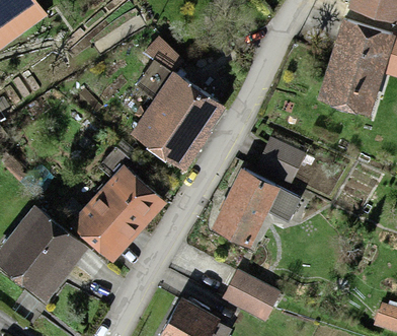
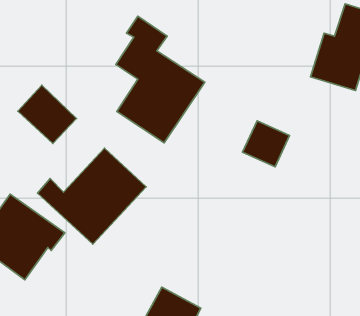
building: none -> [18,85,77,144]
building: [216,172,299,248] -> none
building: [225,272,279,319] -> none

